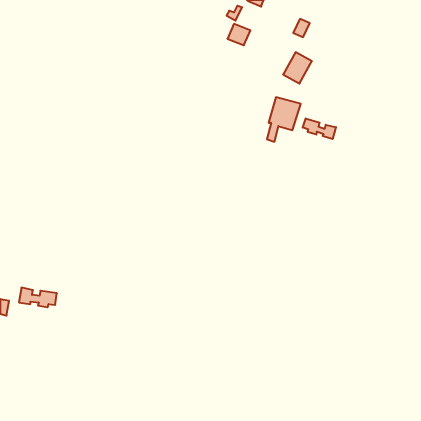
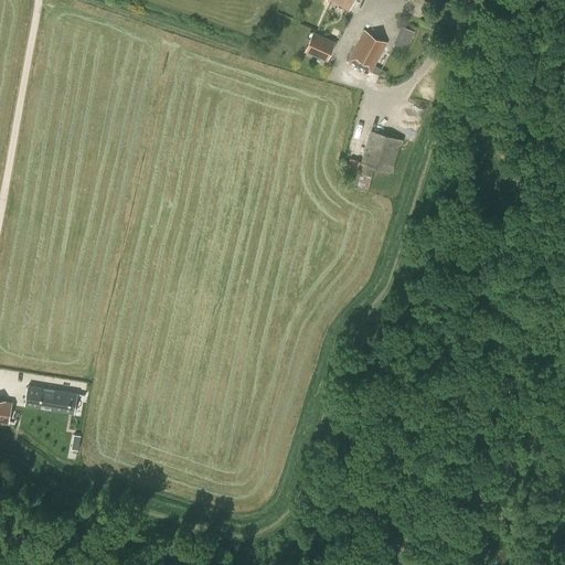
building: [283,52,312,84] -> [349,31,387,73]
building: [303,118,336,139] -> none

